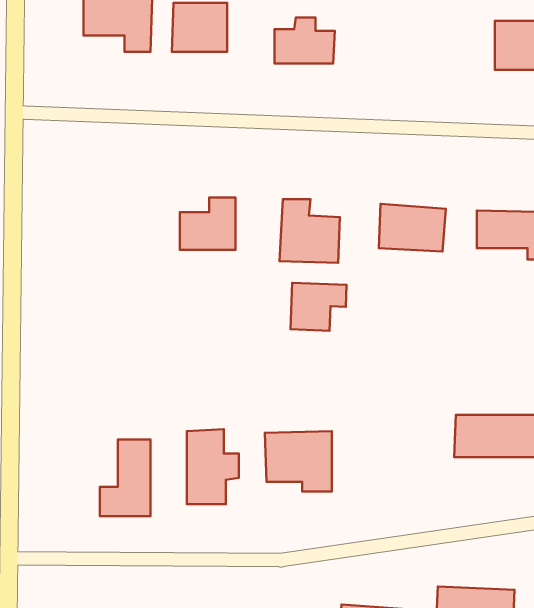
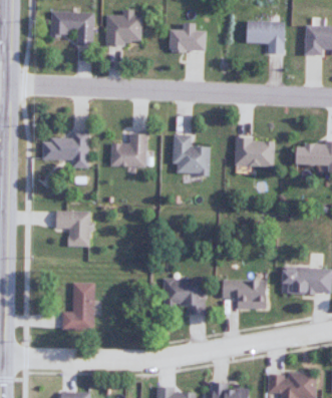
building: none -> [246,21,286,53]
building: none -> [42,129,89,167]
building: [291,283,347,331] -> none
building: none -> [55,210,89,246]
building: [187,429,239,504] -> none
building: none -> [220,279,267,308]

